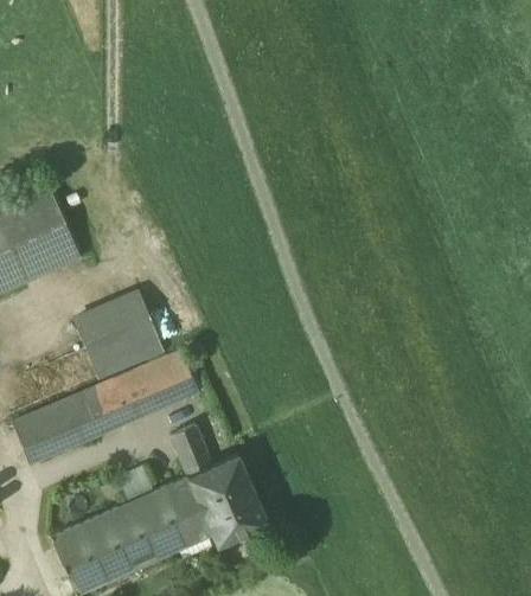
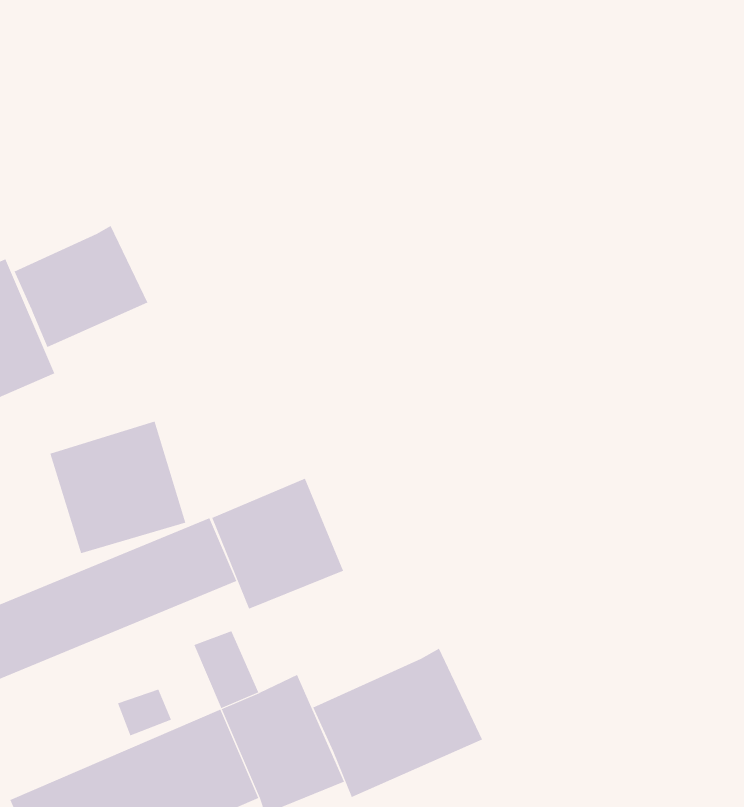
building: none -> [14,225,148,348]
building: none -> [211,478,344,610]
building: none -> [313,648,483,798]

